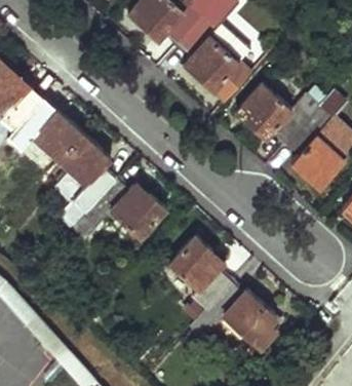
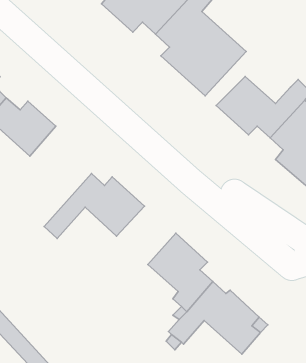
building: [50,132,115,228] -> none

